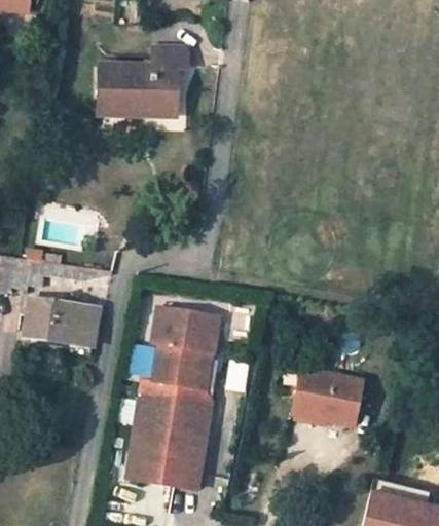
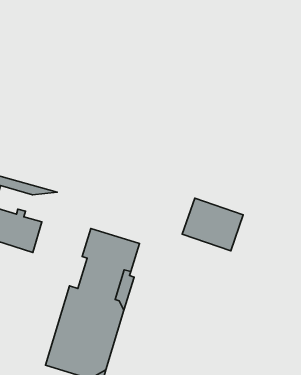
building: [100,47,187,117] -> none
building: [292,368,362,425] -> [182,198,243,251]

